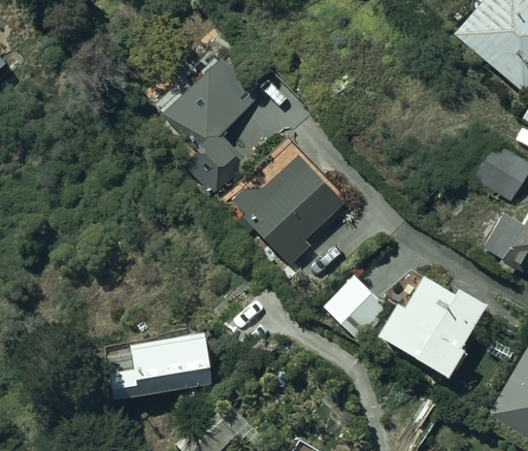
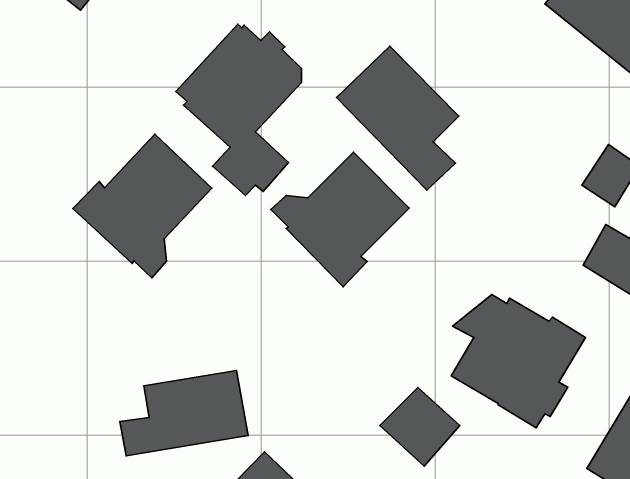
building: none -> [336,46,459,190]
building: none -> [73,134,212,278]
building: [323,276,388,340] -> [380,387,460,466]

